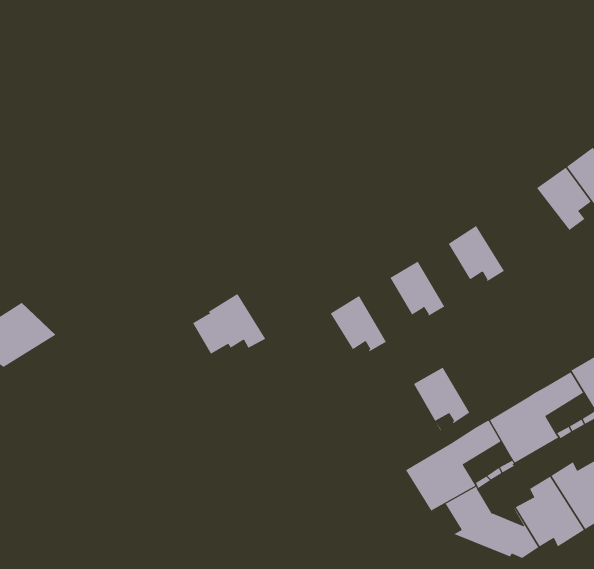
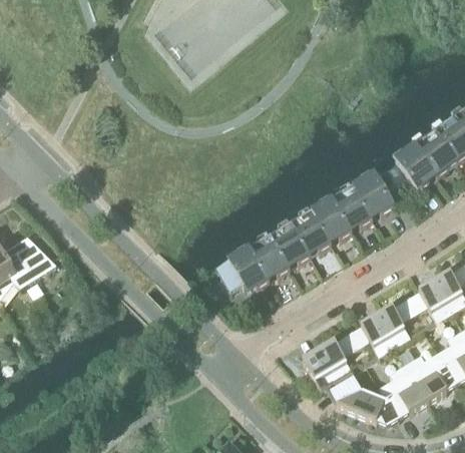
building: none -> [353,168,400,218]
building: none -> [312,199,352,244]
building: [192,293,266,355] -> [217,249,270,292]
building: [413,367,470,431] -> [271,223,311,269]

